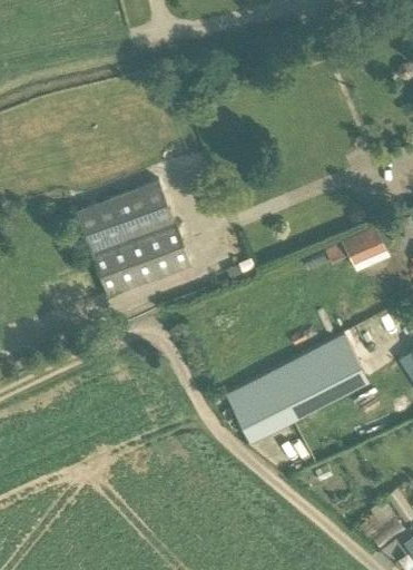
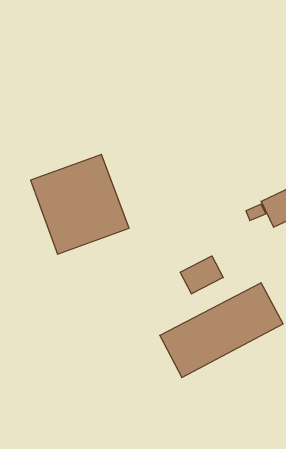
building: none -> [180,256,223,294]

